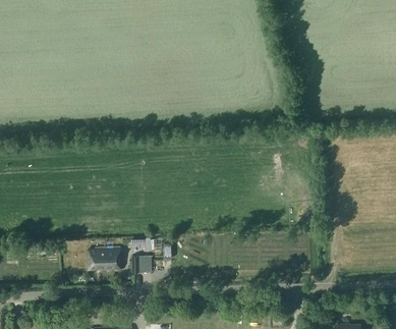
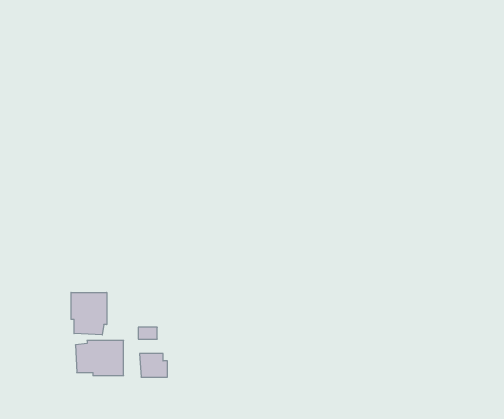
building: none -> [71,292,107,335]

